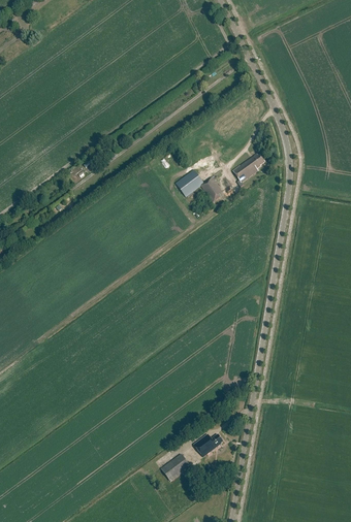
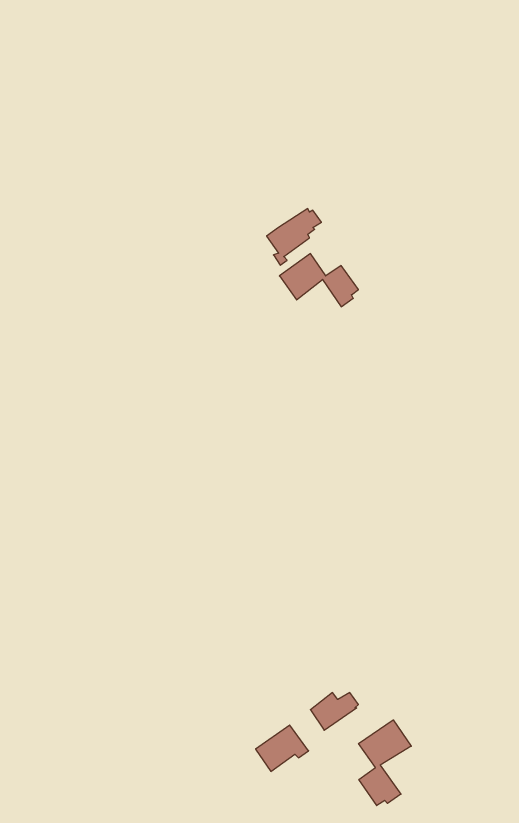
building: [232,153,265,187] -> [267,209,321,265]
building: none -> [359,720,411,806]

